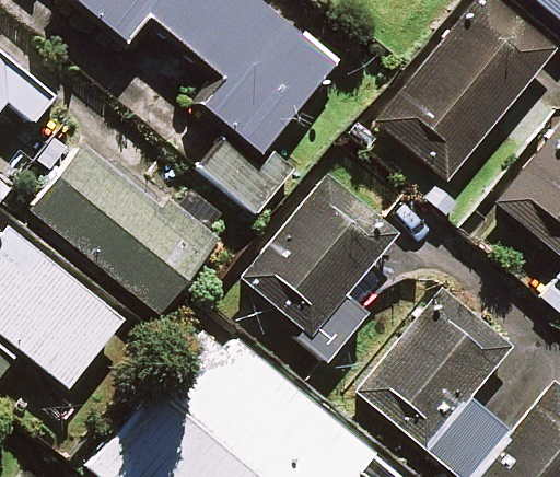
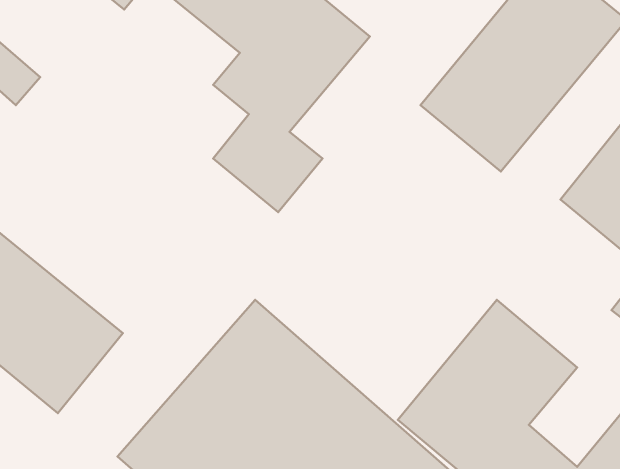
building: [28,143,218,313] -> none
building: [242,178,394,356] -> none

